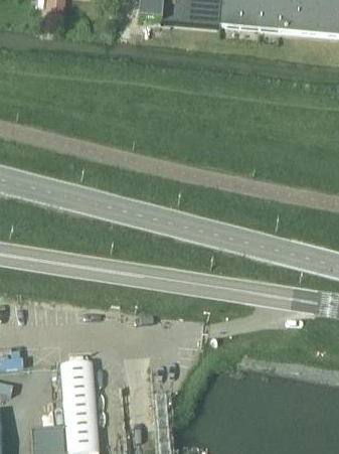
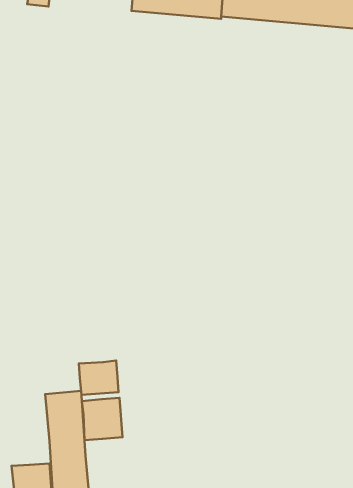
building: none -> [79,361,119,395]
building: none -> [82,398,122,440]

